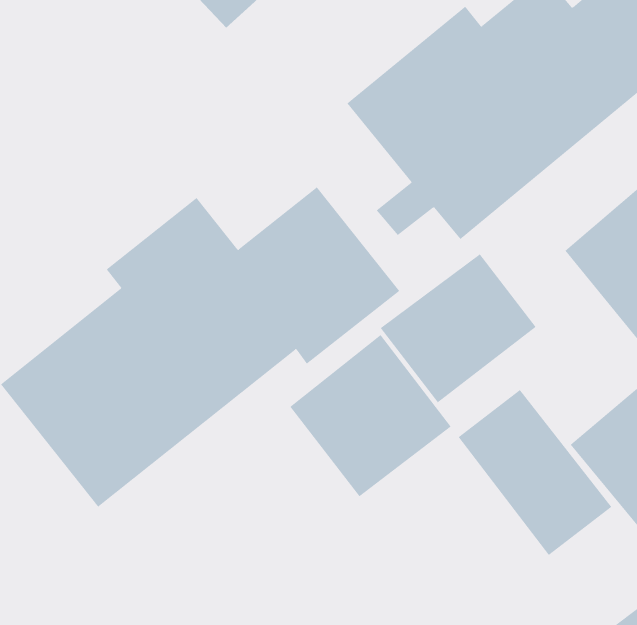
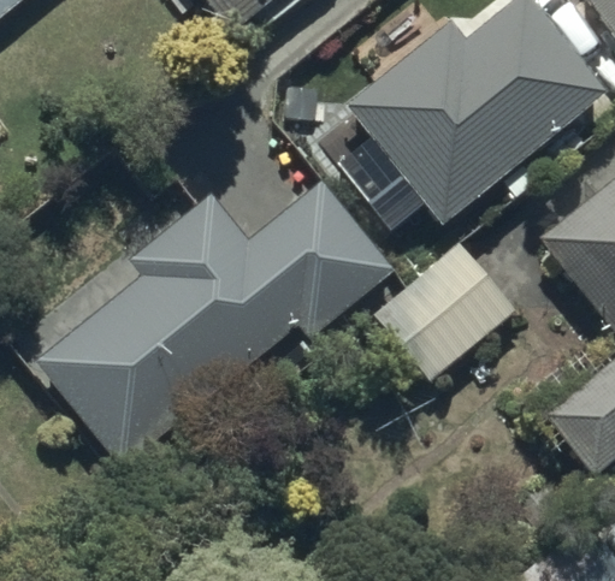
building: [290,334,451,497] -> none
building: [458,389,612,556] -> none

